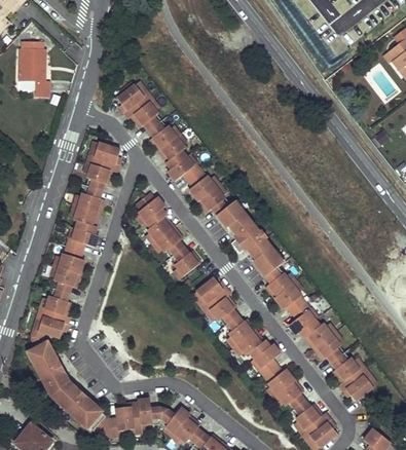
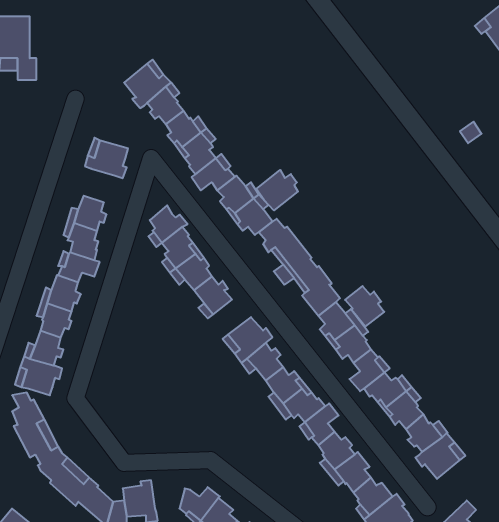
building: [85,164,109,190] -> none
building: none -> [256,170,298,210]
building: none -> [345,286,384,327]
building: [137,398,162,424] -> none

